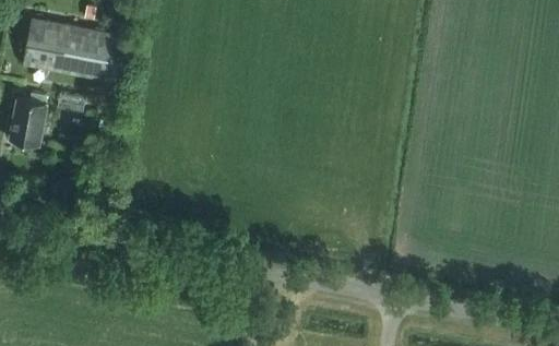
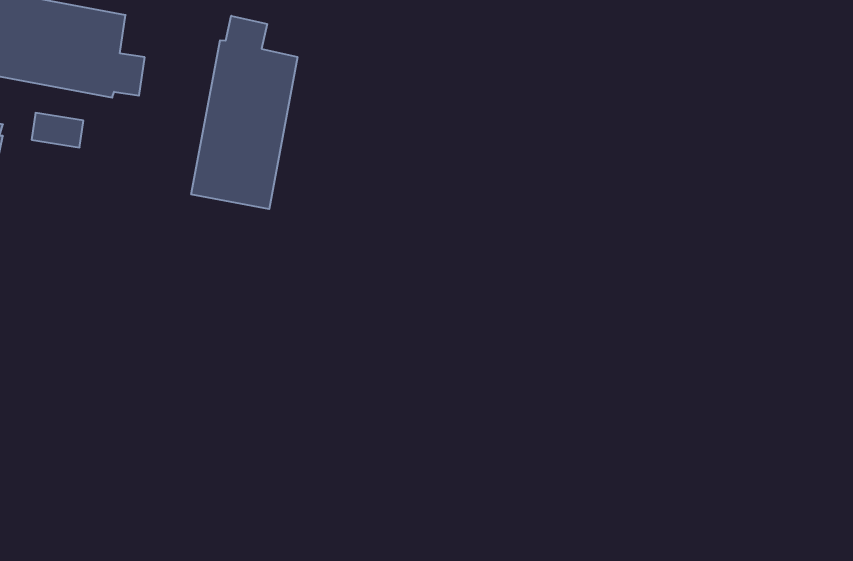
building: none -> [191,16,297,209]

